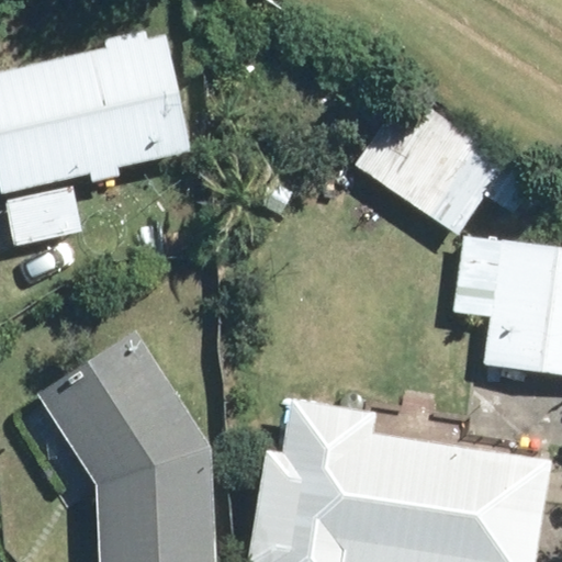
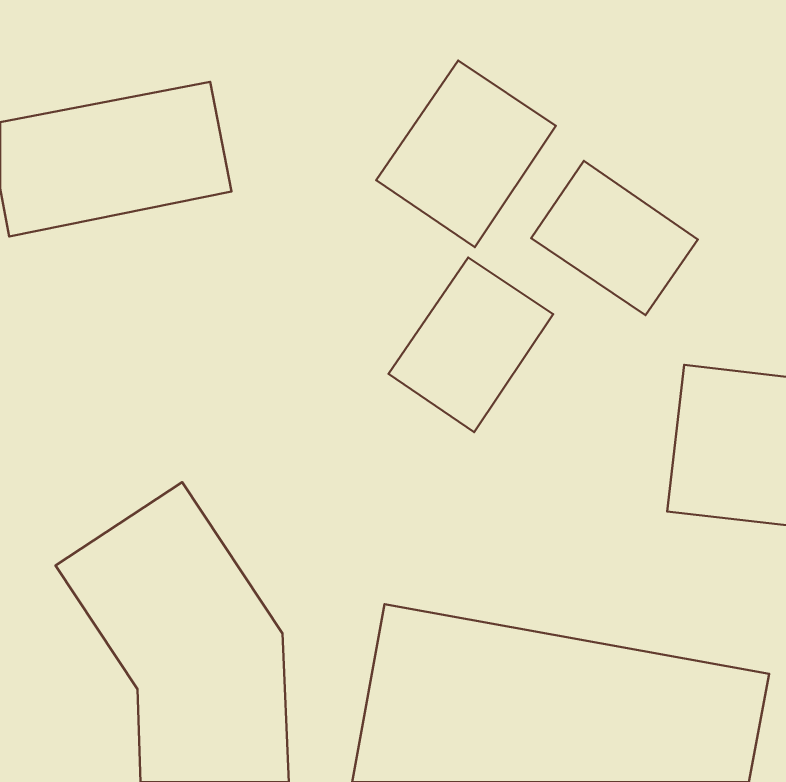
building: none -> [376,61,556,247]
building: none -> [388,257,553,432]

